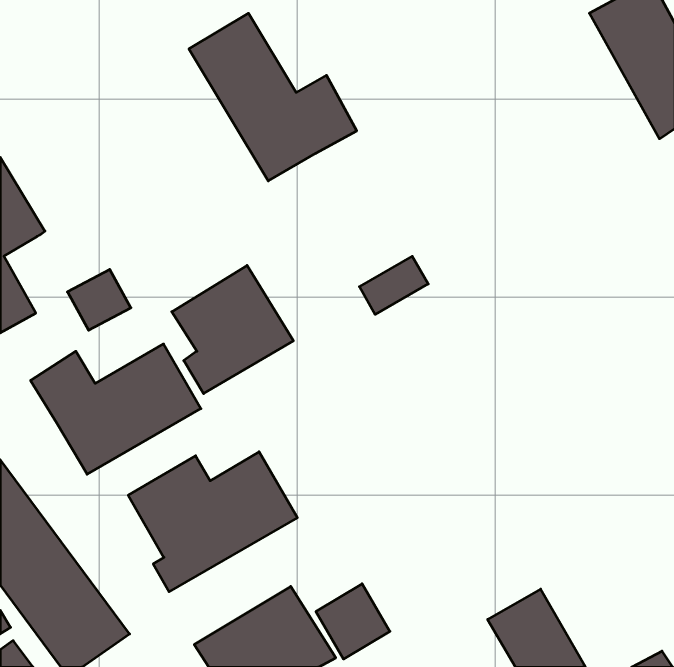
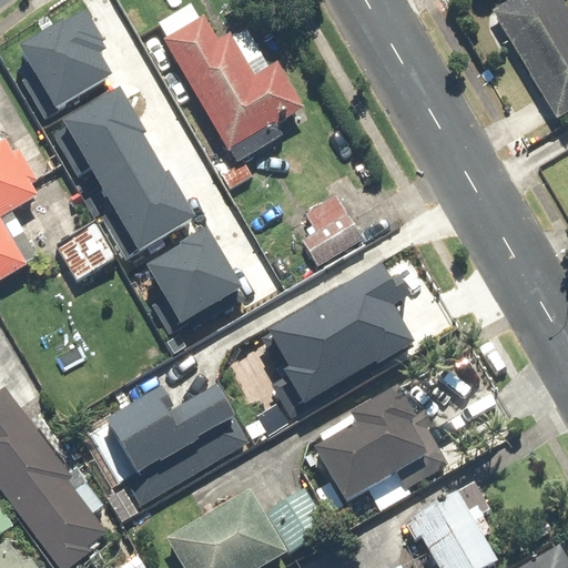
building: none -> [21,11,113,109]
building: none -> [54,90,191,248]
building: none -> [263,264,414,413]
building: [31,344,201,474] -> none
building: none -> [313,388,452,506]

